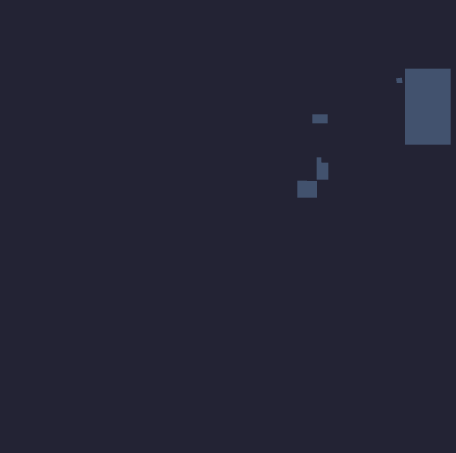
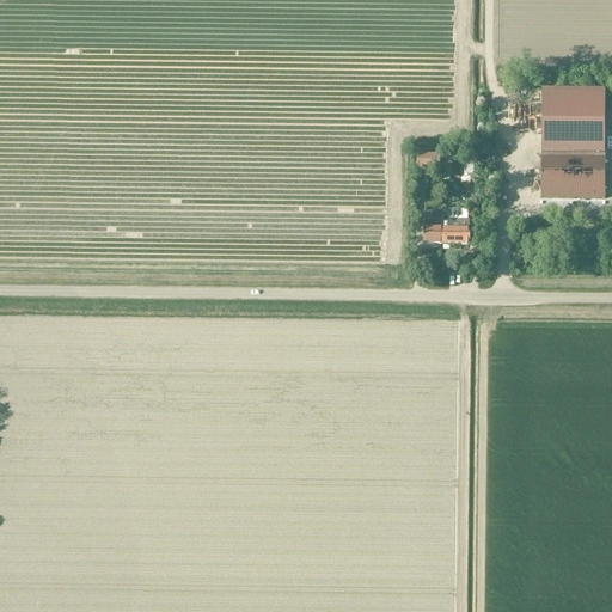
building: [296,180,318,198] -> [441,216,470,241]

